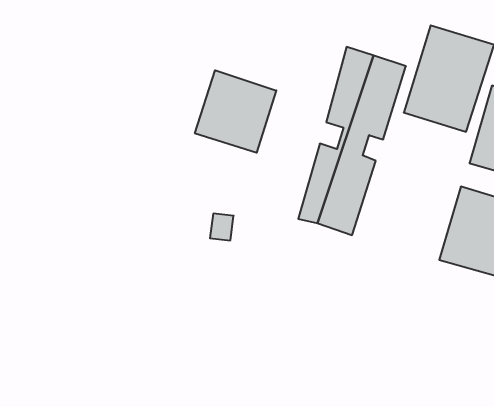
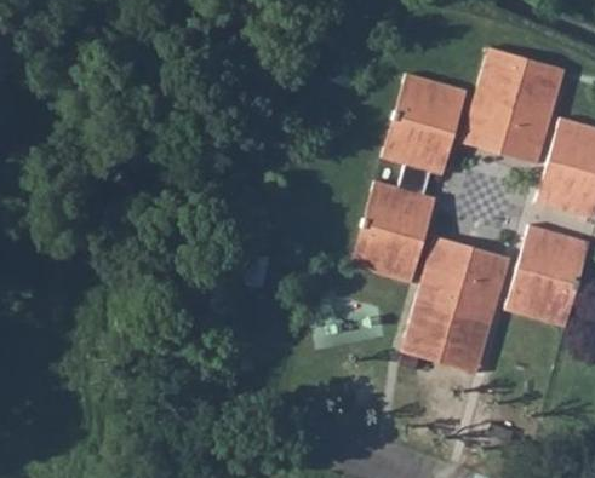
building: [195,70,276,153] -> none
building: none -> [401,236,509,373]

